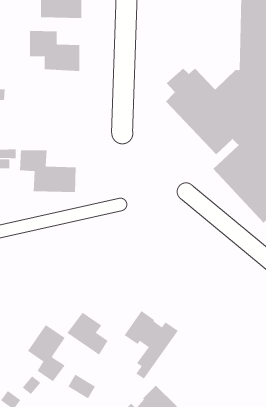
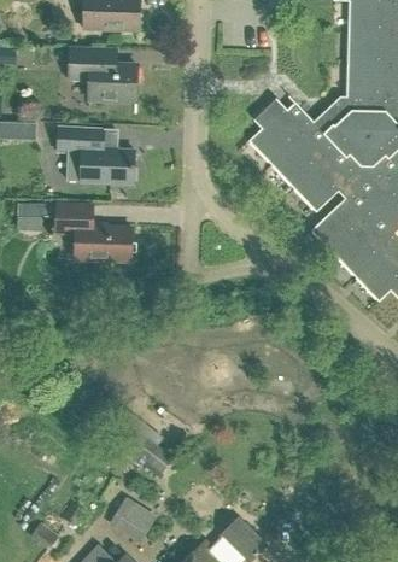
building: none -> [57,127,134,183]
building: [124,310,179,380] -> none
building: [27,324,66,382] -> none

